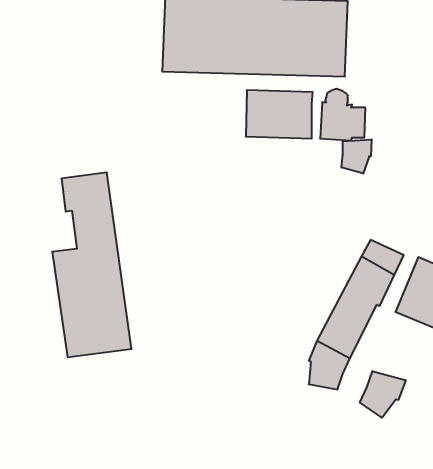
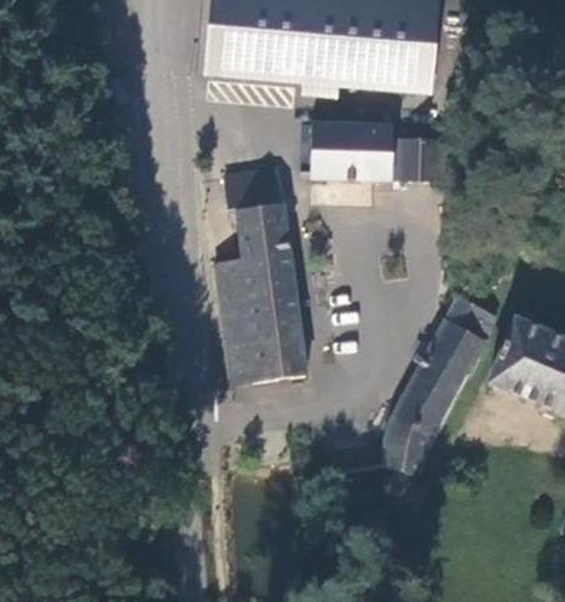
building: [341,139,372,174] -> none
building: [52,172,132,357] -> [214,166,307,382]
building: [360,371,406,418] -> none

